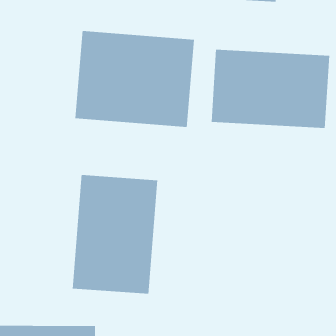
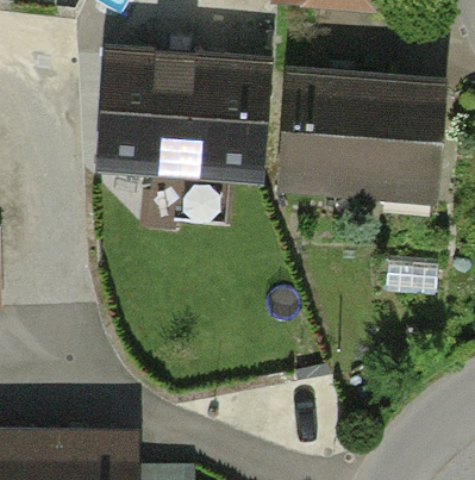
building: [72,174,158,295] -> none

